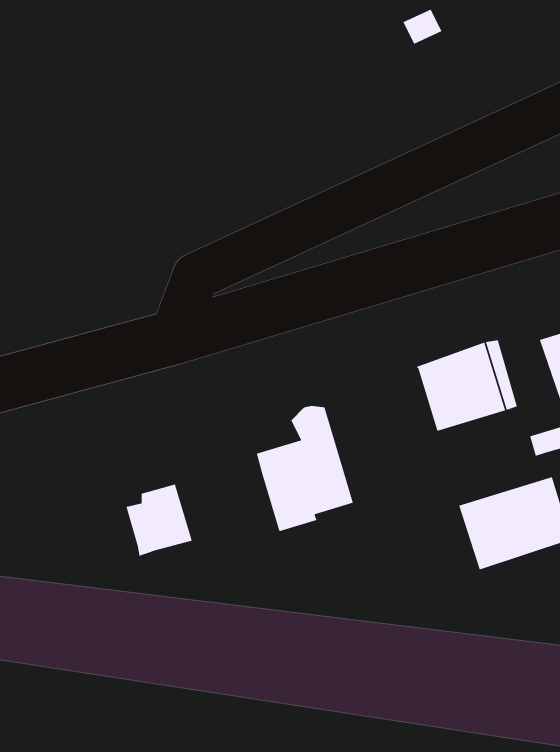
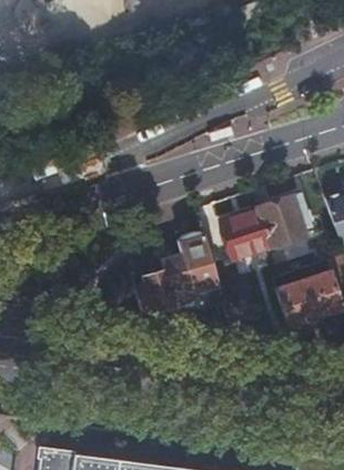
building: none -> [223,213,265,260]
building: [125,484,193,557] -> [135,274,174,316]

